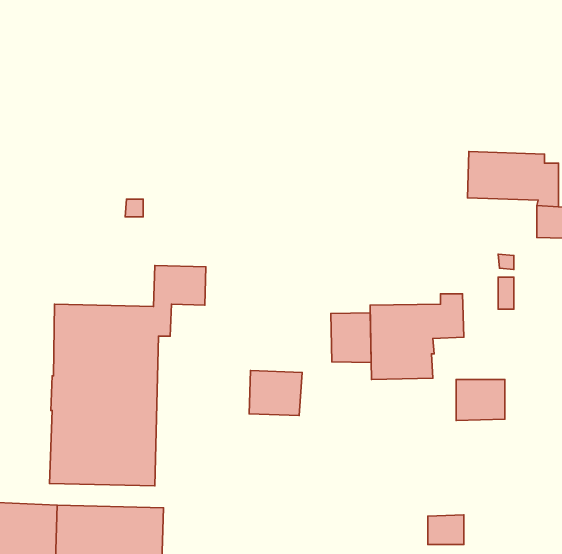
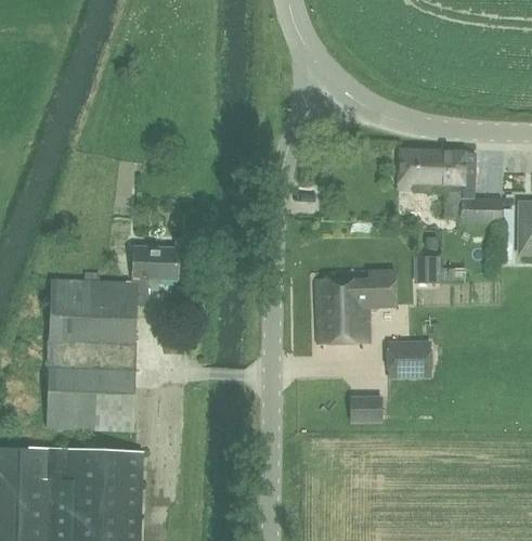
building: [331,313,371,363] -> none
building: [249,371,302,416] -> none
building: [428,515,464,544] -> [350,397,380,422]

